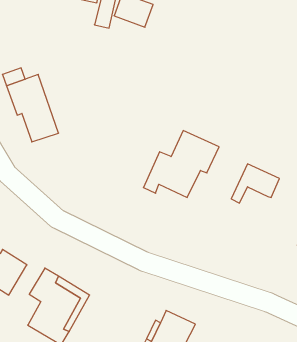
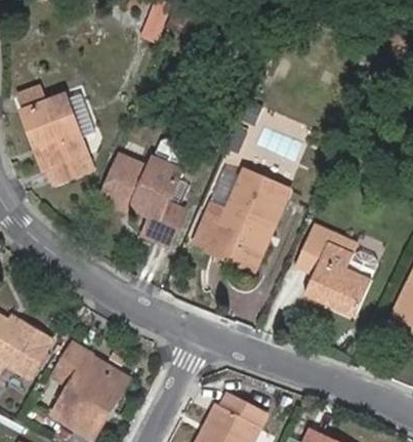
building: none -> [98,137,193,244]
building: none -> [211,219,276,268]
building: none -> [302,240,369,316]

